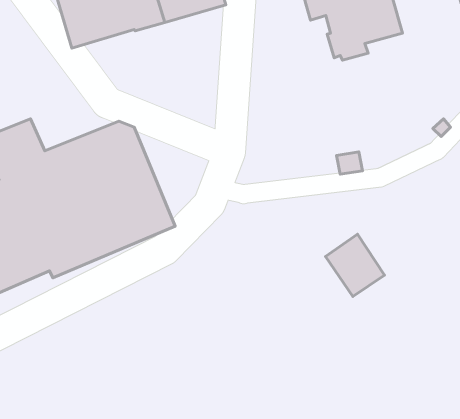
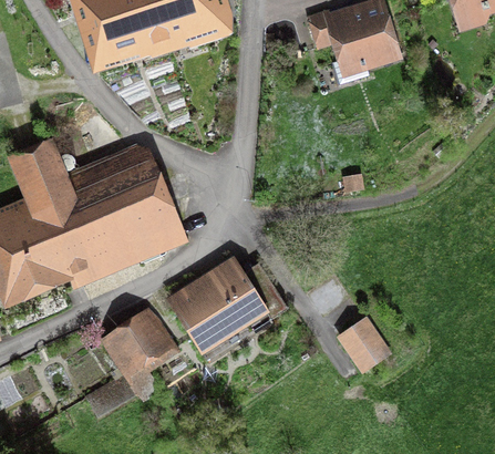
building: [326,234,384,296] -> [337,316,392,374]
building: none -> [165,256,289,357]
building: none -> [84,306,179,417]

